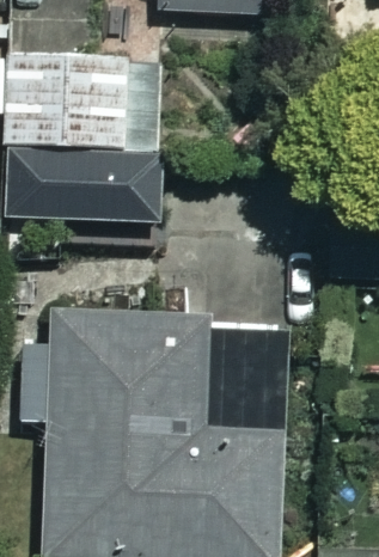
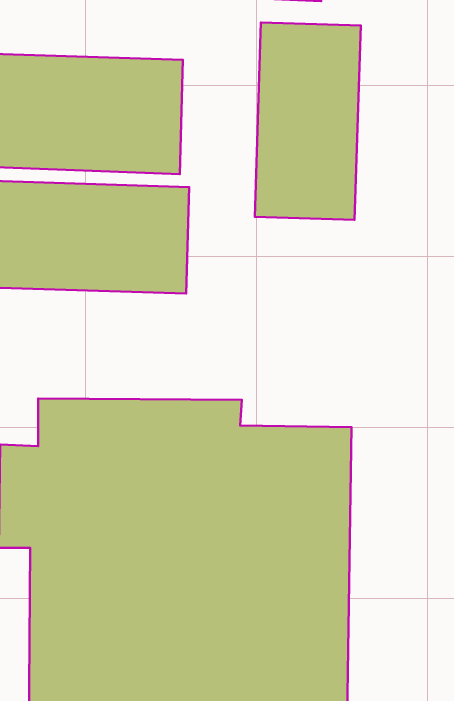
building: none -> [255,22,361,220]

